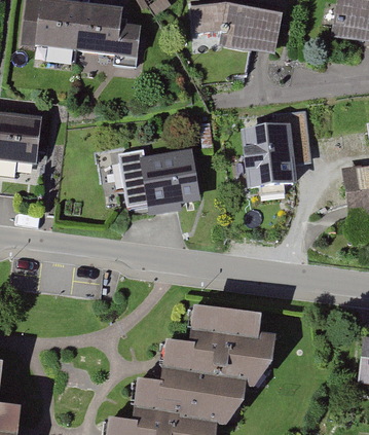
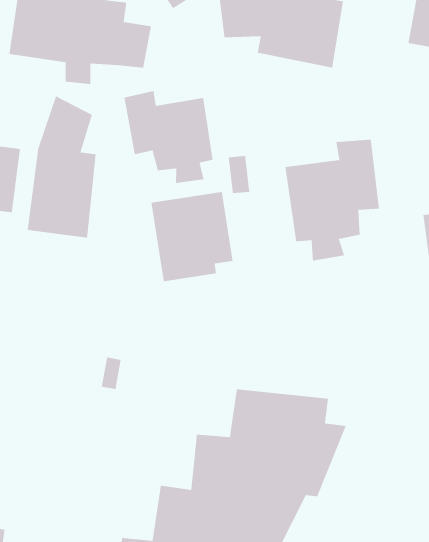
building: none -> [123,90,213,184]
building: none -> [27,95,96,239]

